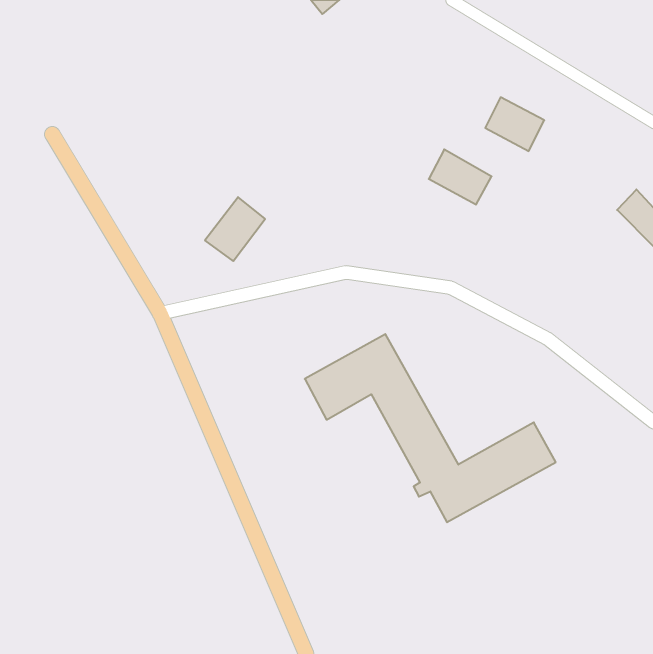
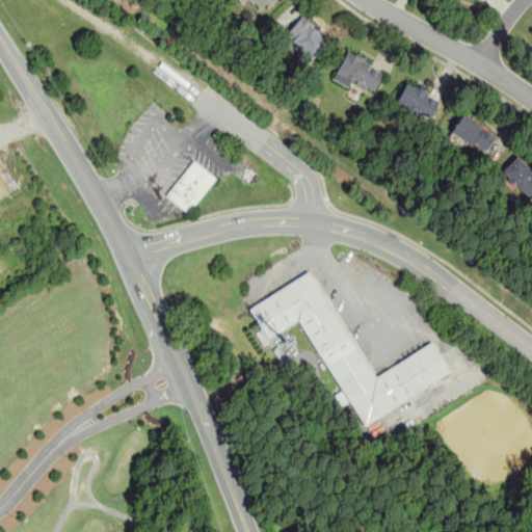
building: none -> [282,15,330,63]
building: none -> [451,112,497,154]
building: [429,149,492,205] -> [335,49,385,94]

